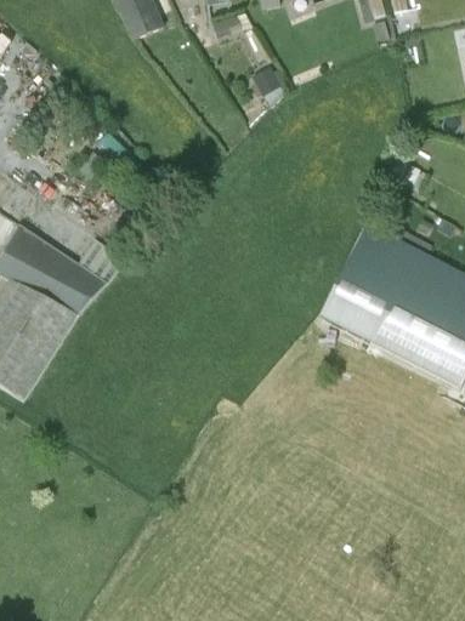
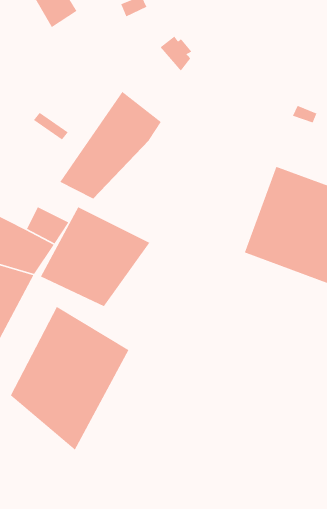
building: none -> [59,91,162,199]
building: none -> [40,206,151,307]
building: none -> [10,306,129,451]

